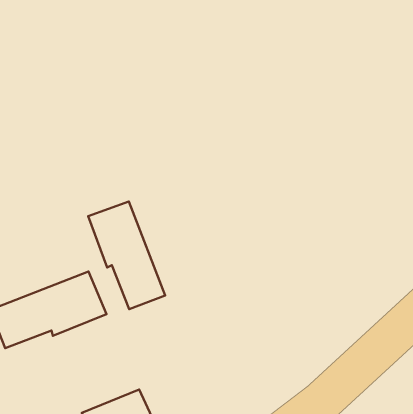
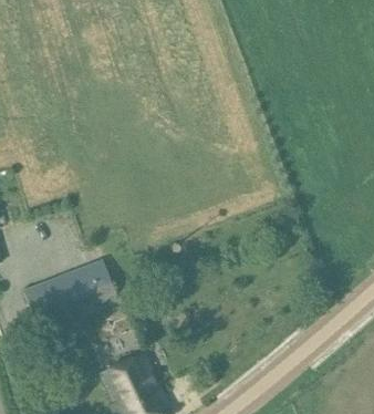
building: [88,201,165,309] -> none

